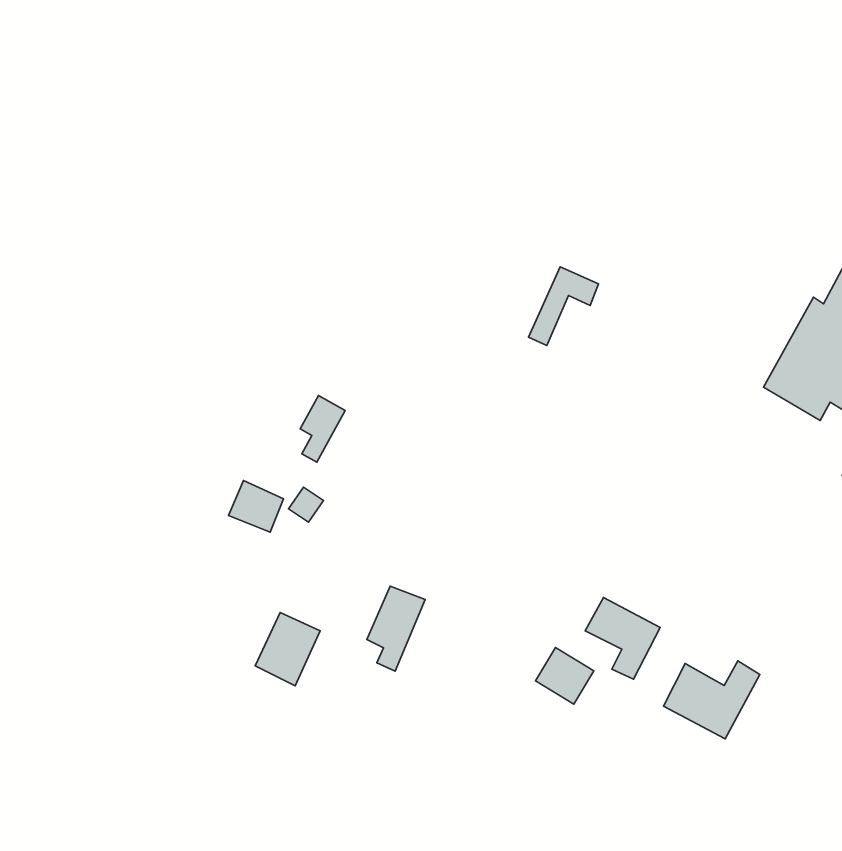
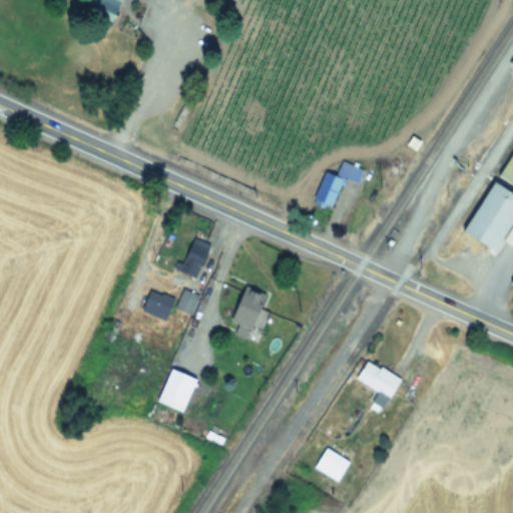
building: [367,586,425,671] -> [231,289,267,340]
building: [536,648,594,704] -> [317,448,352,482]
building: [663,661,760,739] -> none

